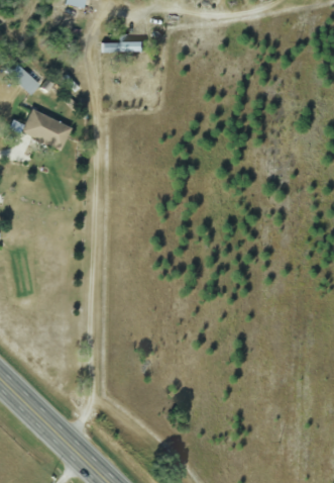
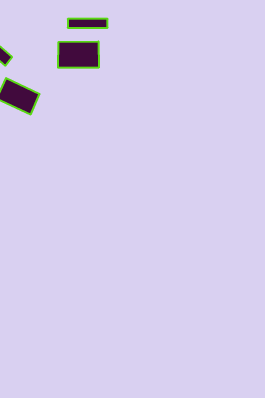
building: none -> [58,41,99,68]

